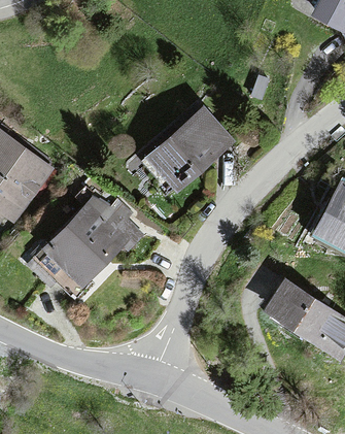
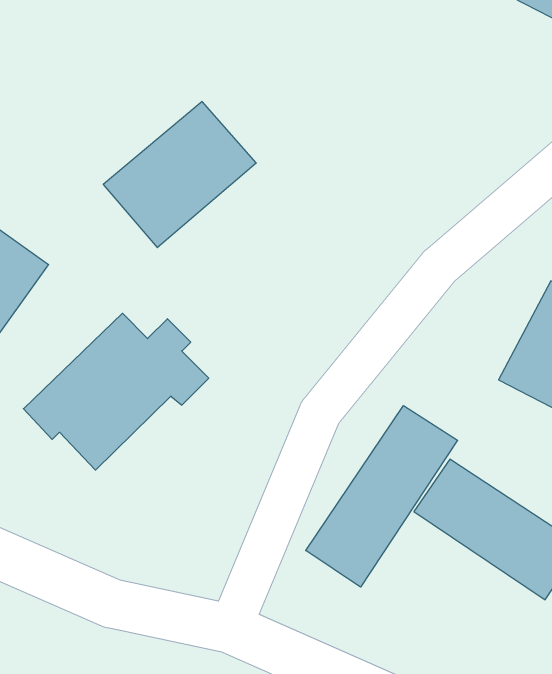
building: [147,109,235,193] -> [103,102,256,248]
building: none -> [306,406,458,587]

